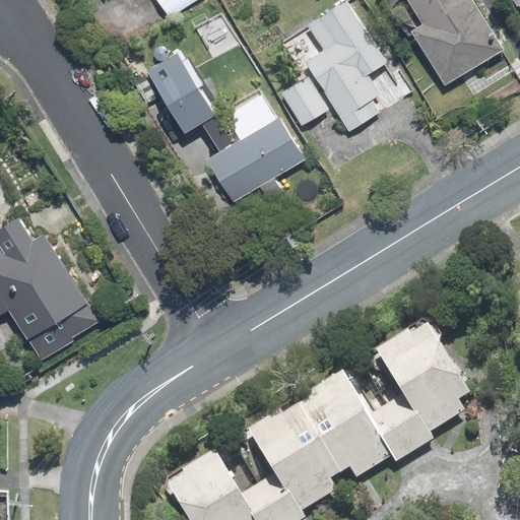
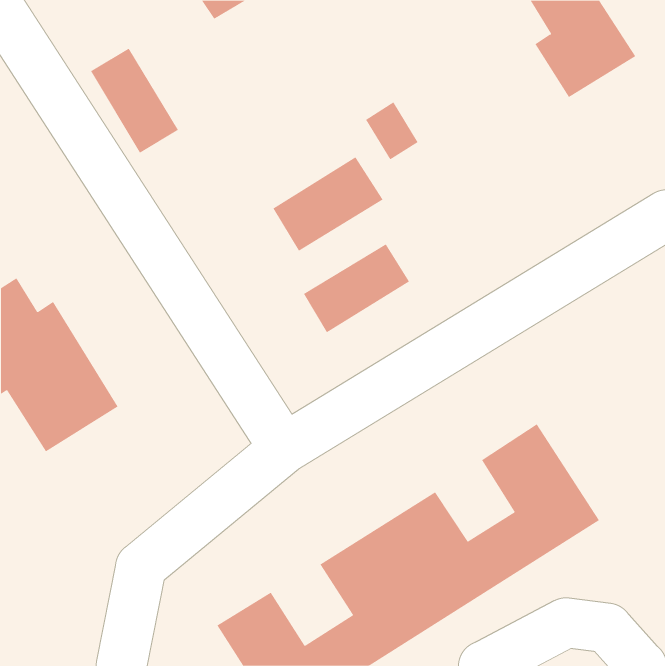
building: [295,10,377,127] -> none
building: [153,45,222,127] -> [90,48,179,153]
building: none -> [303,244,410,333]

